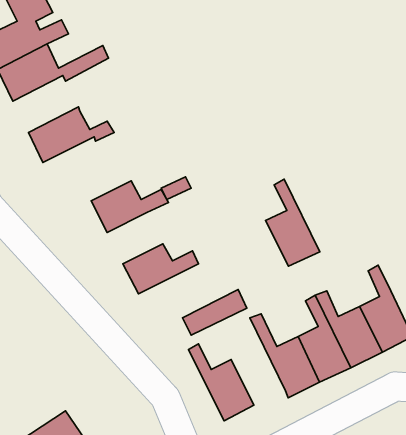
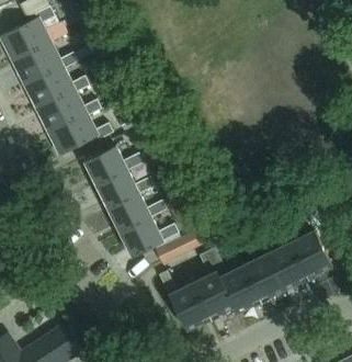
building: none -> [23,65,89,109]
building: none -> [46,112,112,155]
building: [266,179,320,266] -> [191,251,232,318]
building: none -> [95,170,155,210]
building: none -> [120,217,178,257]

